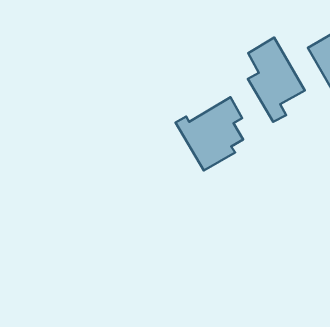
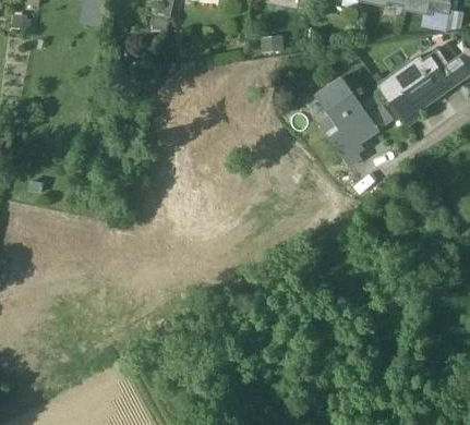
building: [176,97,243,171] -> none

